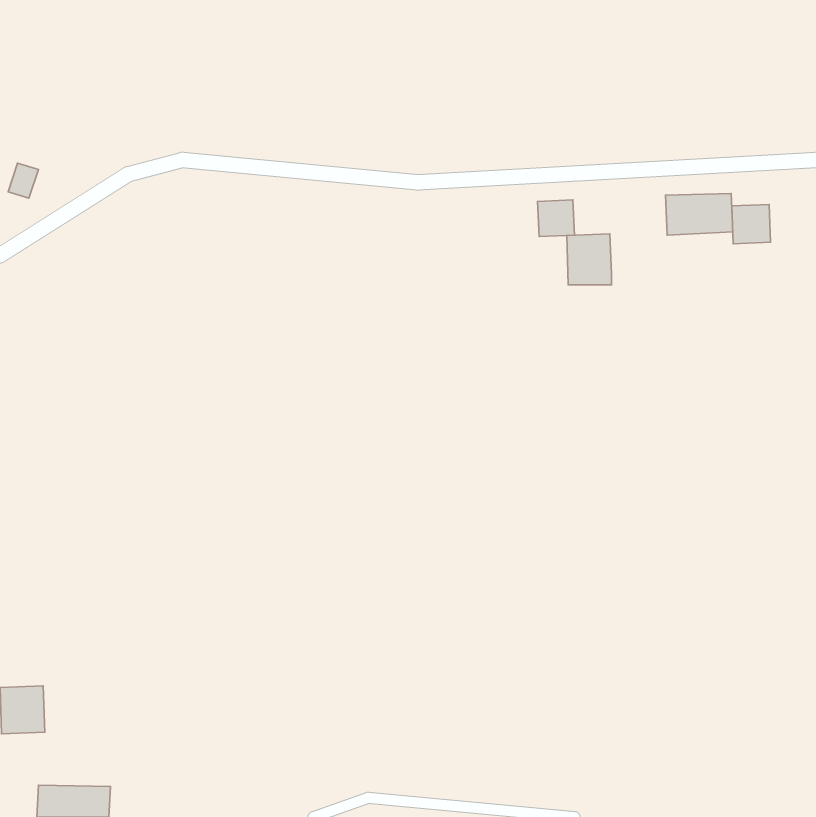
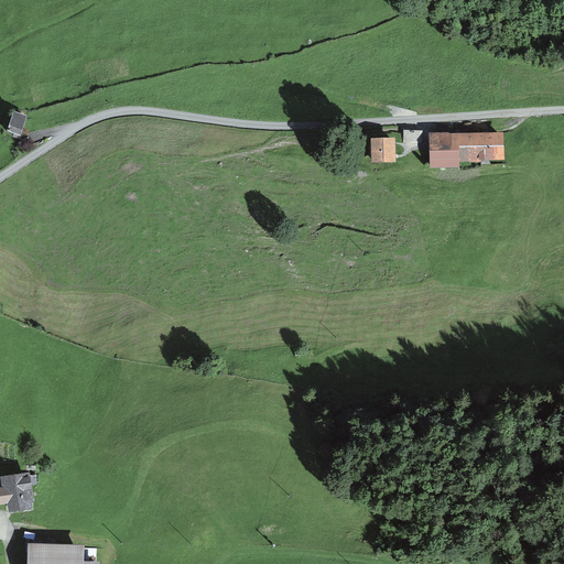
building: [732,204,771,244] -> none
building: [567,234,612,285] -> [429,134,459,170]

